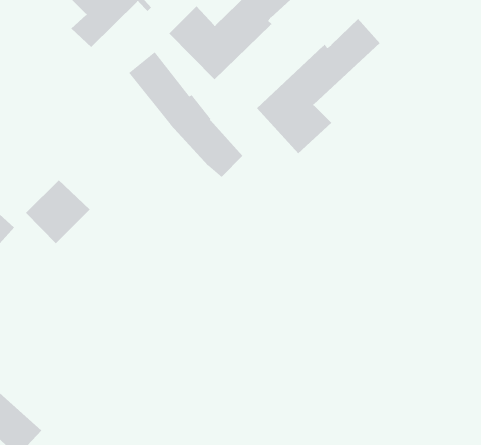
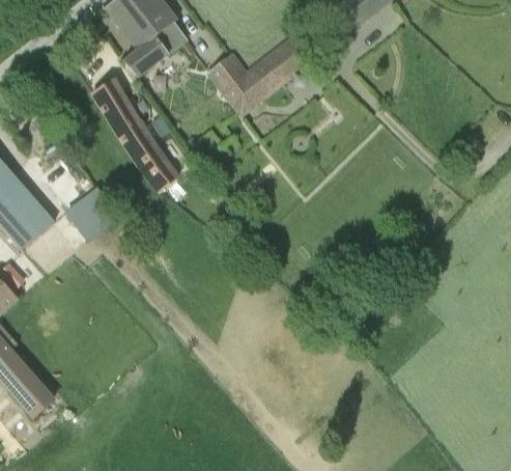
building: [256,18,380,154] -> none
building: [128,51,243,178] -> [89,76,178,191]

